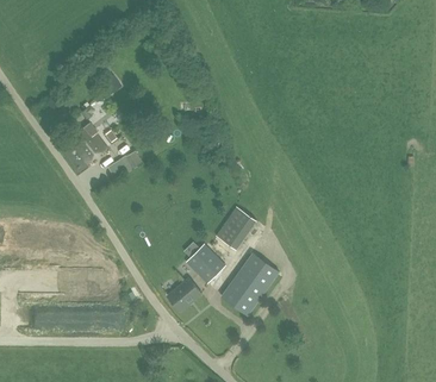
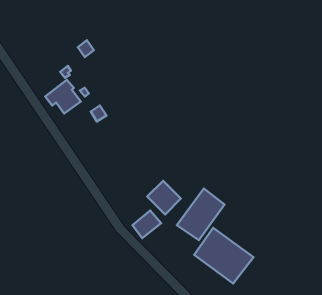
building: [216,206,256,250] -> none
building: none -> [194,228,253,284]

